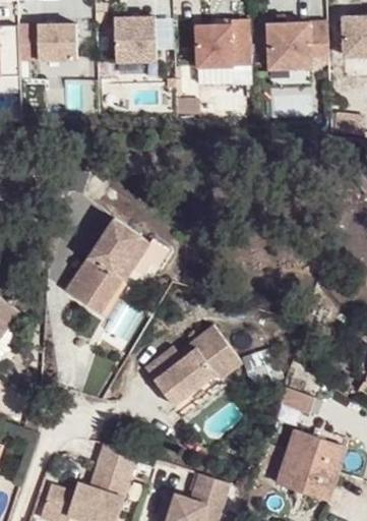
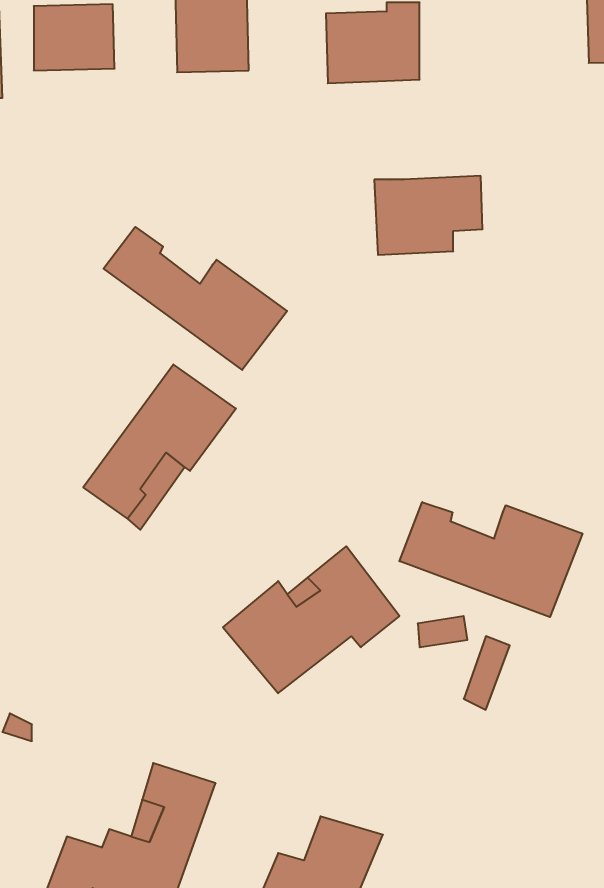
building: [267,25,327,69] -> [374,176,483,255]
building: none -> [104,227,287,370]
building: none -> [399,502,582,617]
building: [276,429,344,499] -> none

